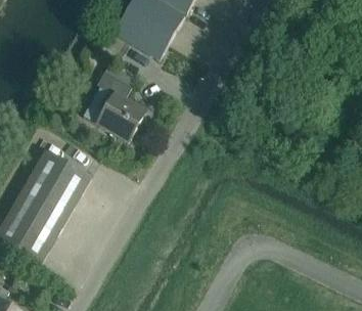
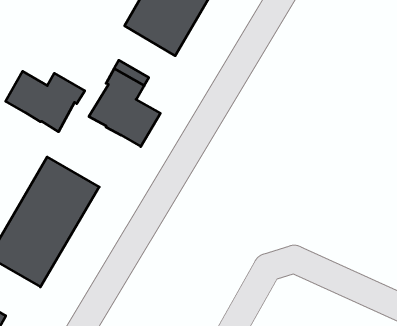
building: none -> [6,71,85,132]

